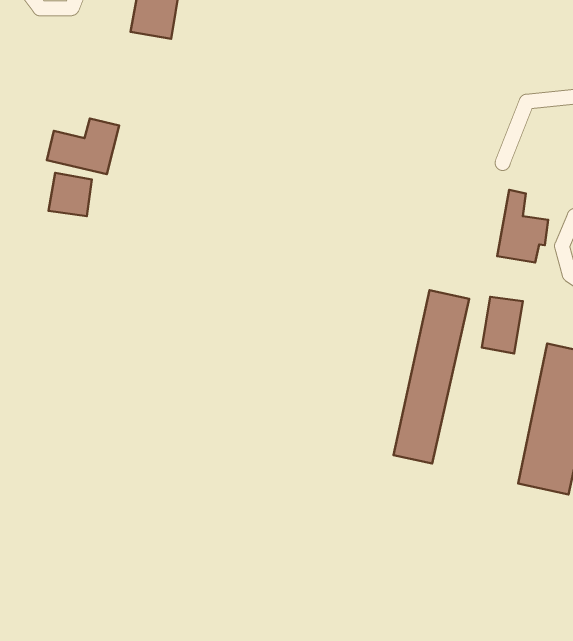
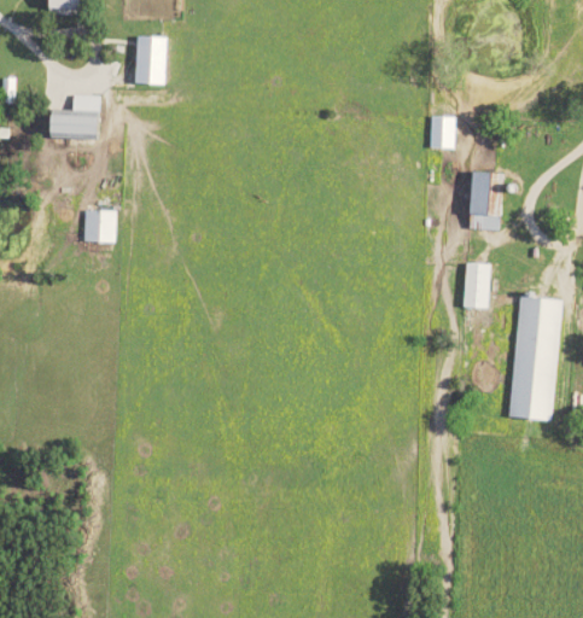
building: none -> [431,115,456,148]
building: [47,119,119,174] -> [41,93,98,138]
building: [393,290,469,463] -> none

